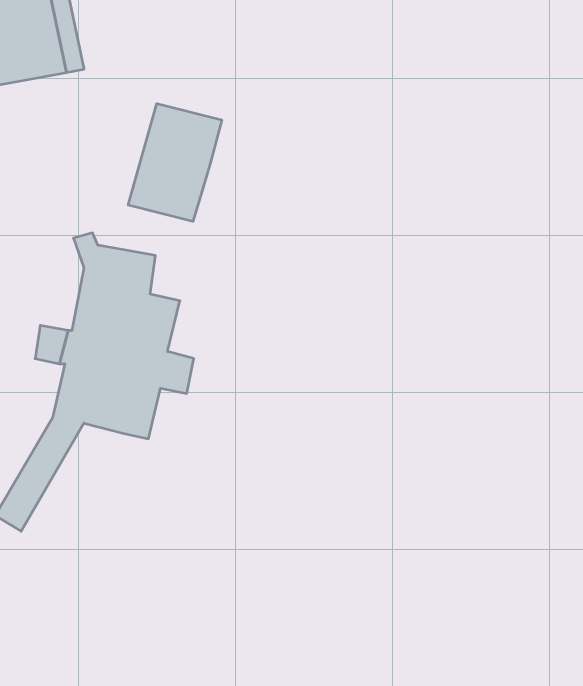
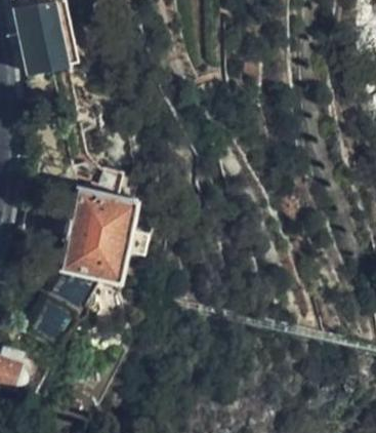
building: [128,104,222,221] -> none

